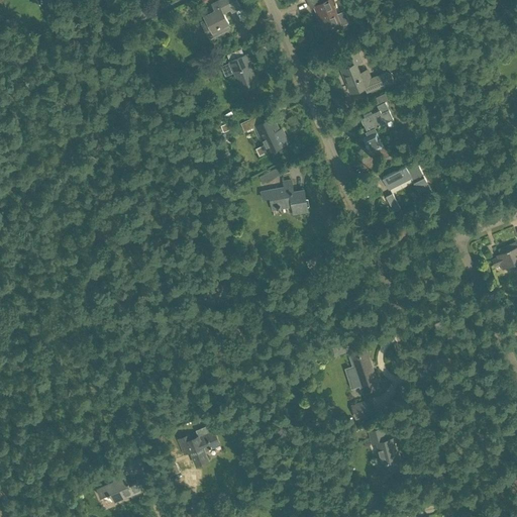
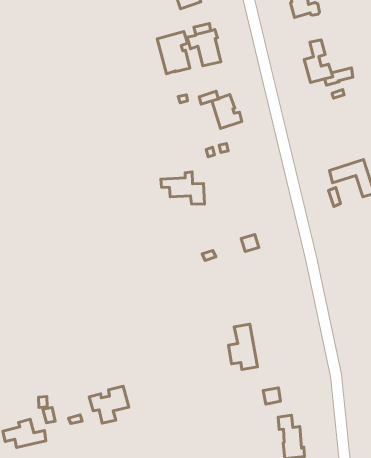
building: none -> [157,32,190,74]
building: [360,103,392,153] -> none
building: [260,181,307,213] -> [161,172,204,204]
building: [345,346,378,393] -> [228,324,257,370]

